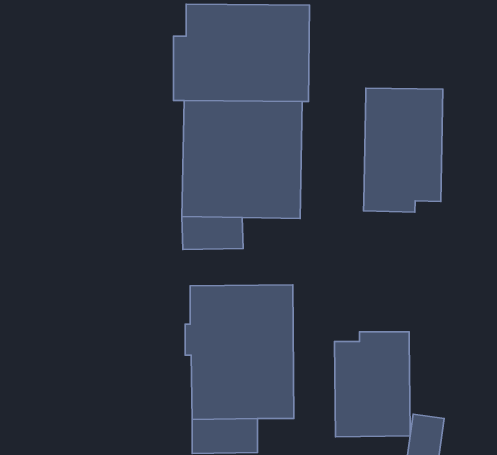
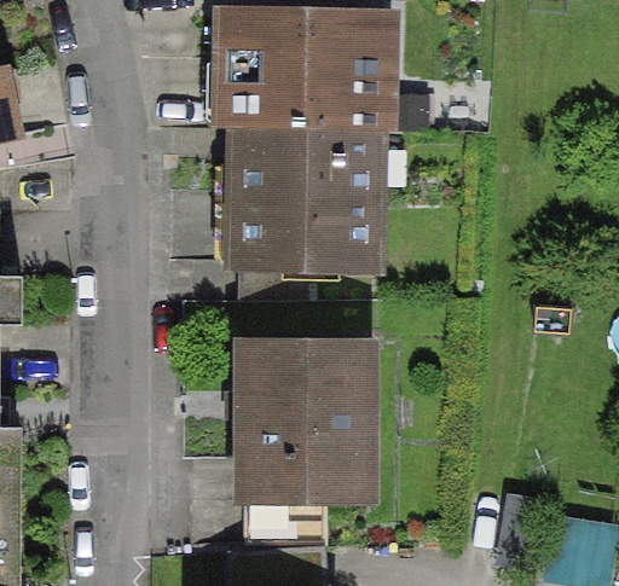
building: [364,88,443,212] -> none
building: [335,332,410,437] -> none

